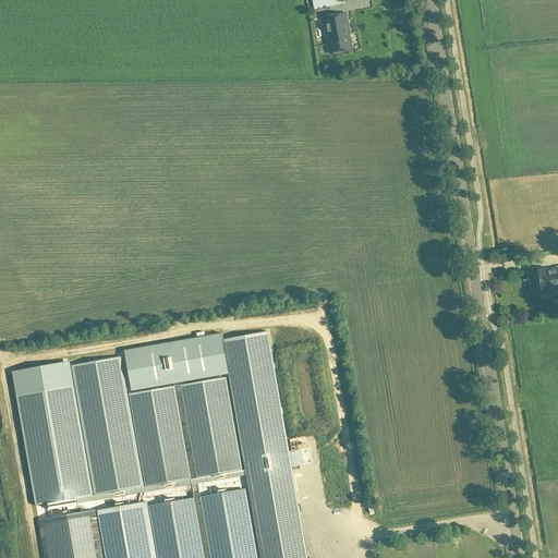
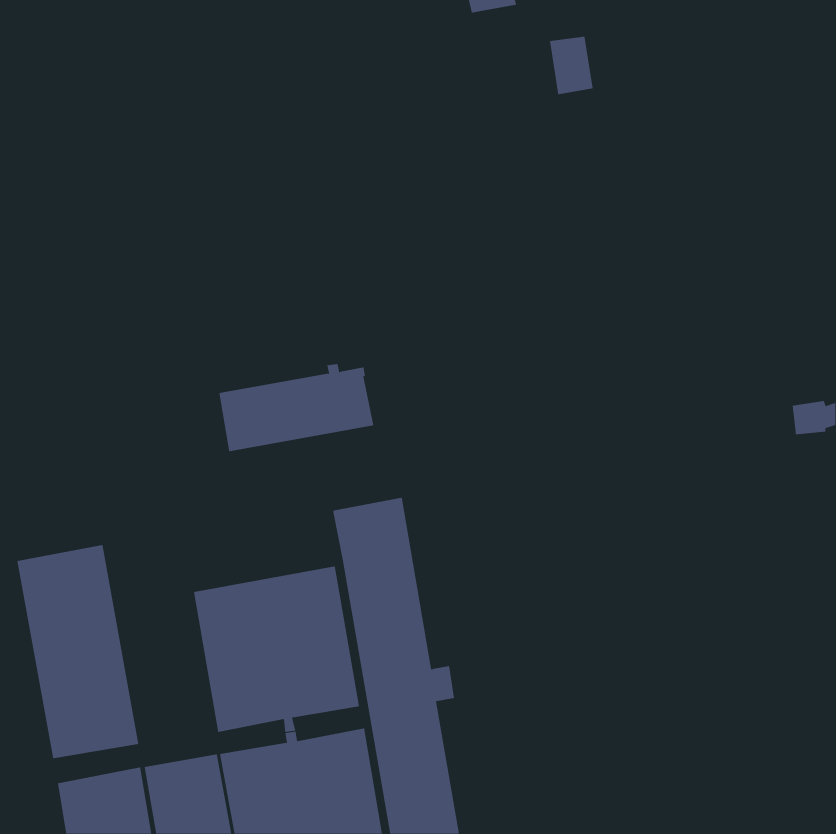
building: [323,13,352,52] -> [549,36,593,95]
building: [124,331,228,390] -> [219,363,374,452]
building: [71,357,143,496] -> none

